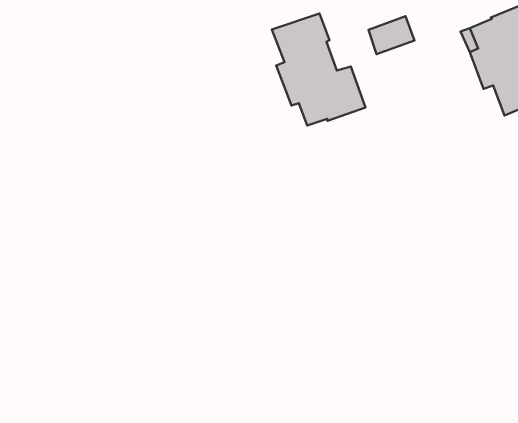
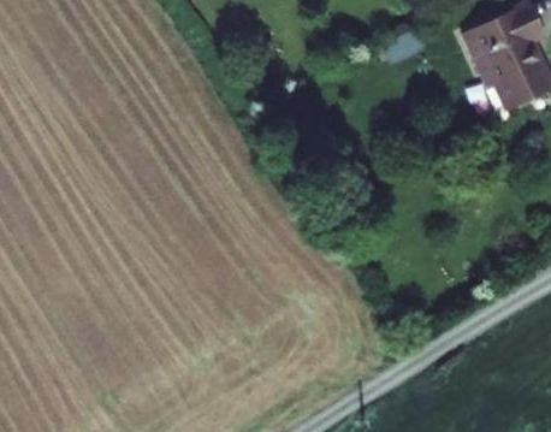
building: [272,13,366,126] -> none

